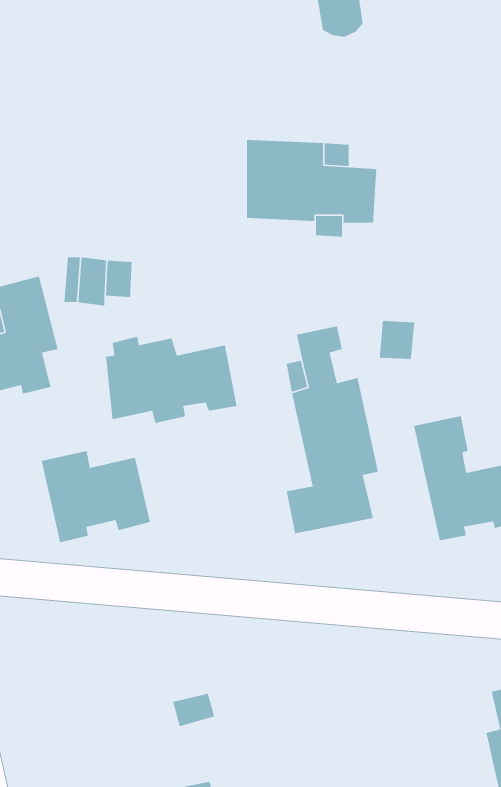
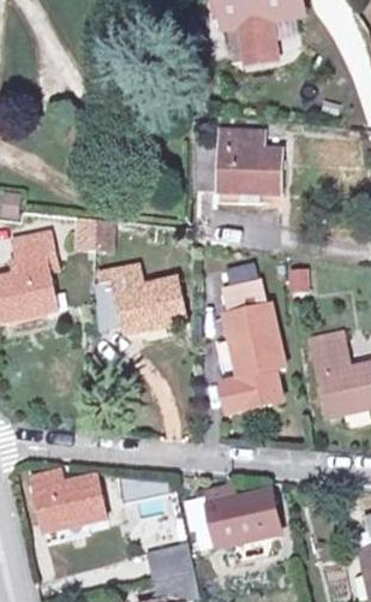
building: [41,450,151,543] -> [31,469,108,534]
building: none -> [184,481,281,546]
building: none -> [148,542,195,579]

